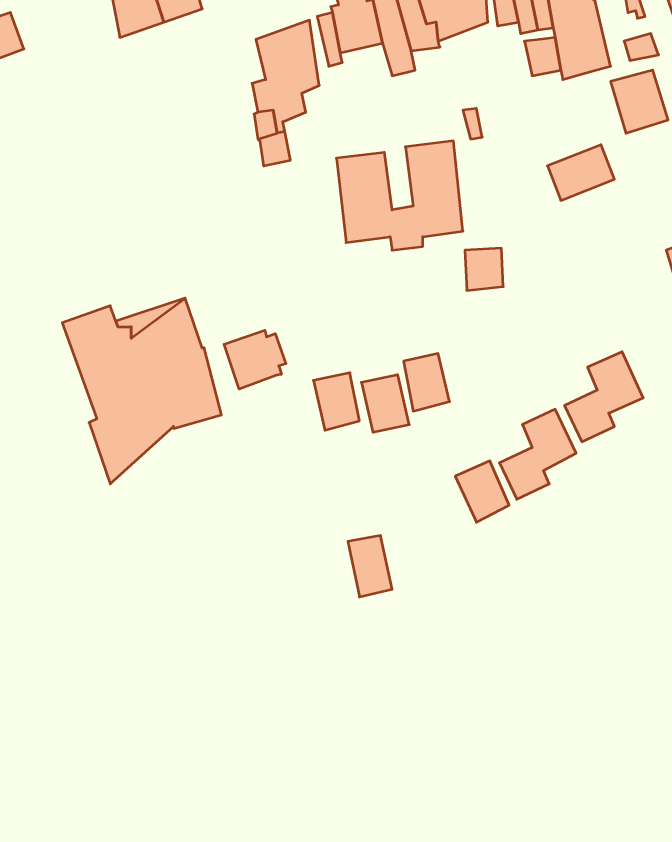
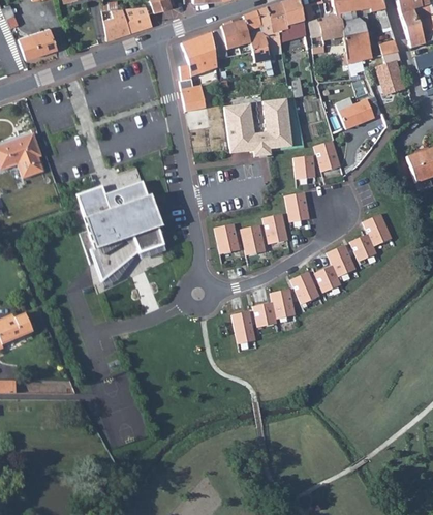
building: none -> [314,141,341,173]
building: none -> [282,191,307,222]
building: [224,330,286,389] -> none
building: none -> [252,287,295,327]

